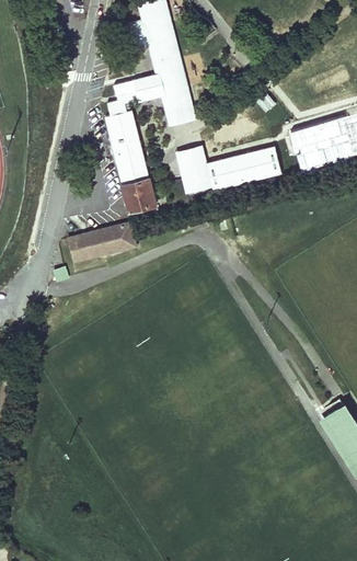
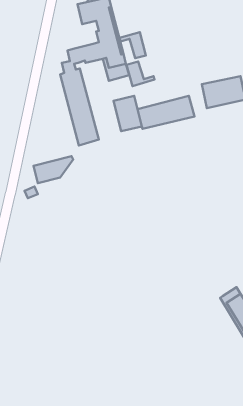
building: none -> [119,32,146,58]
building: none -> [126,62,155,86]
building: [104,222,136,254] -> none

